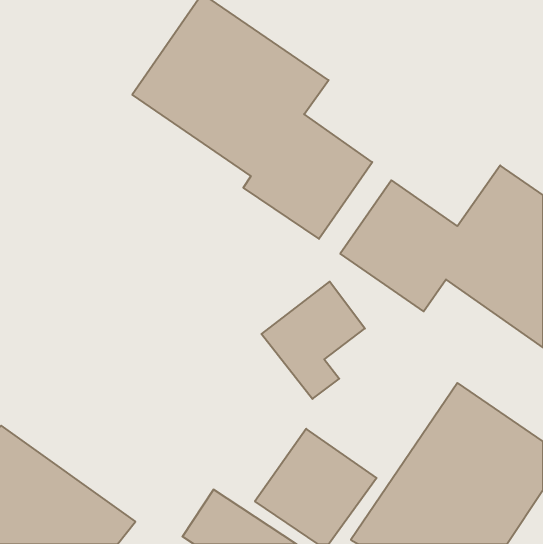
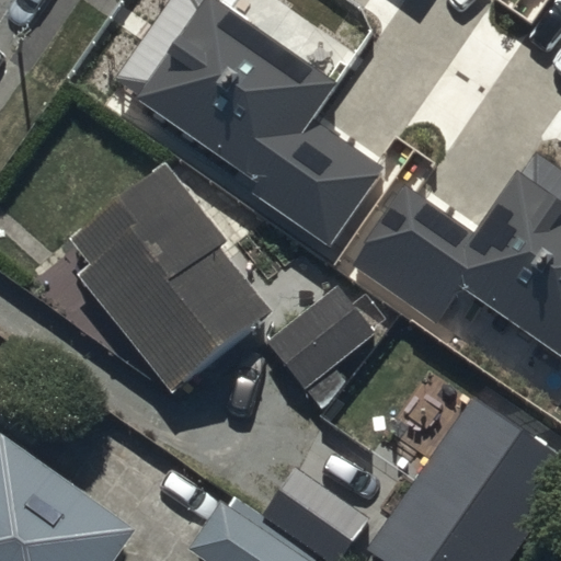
building: none -> [75,168,276,397]

